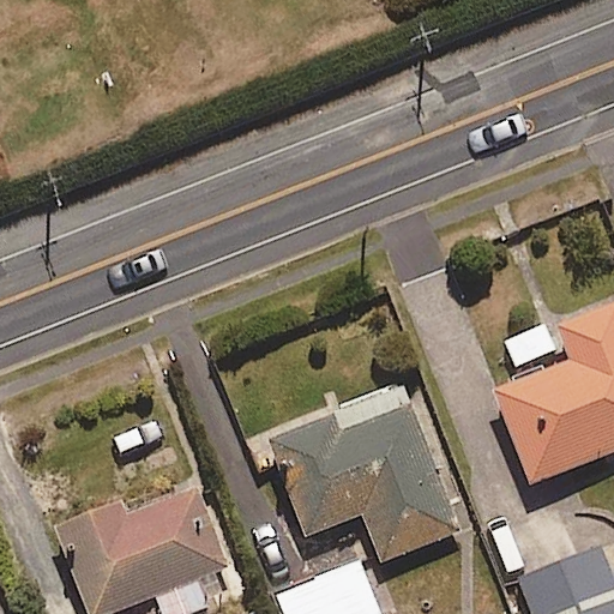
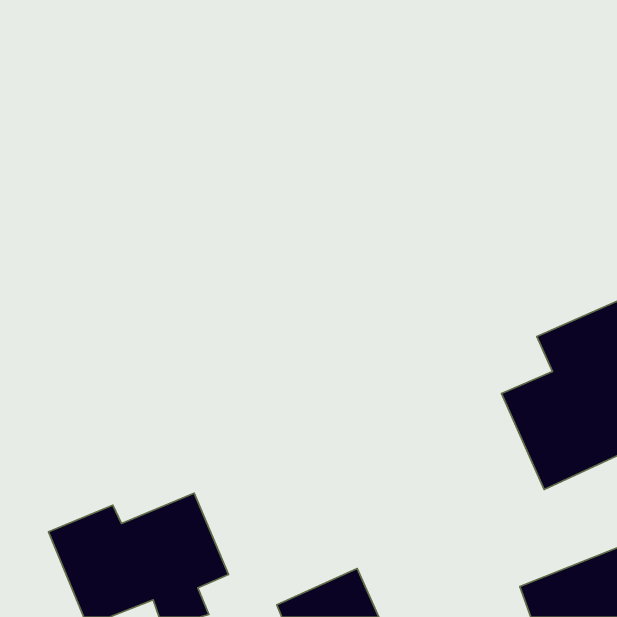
building: [267,403,462,562] -> none

